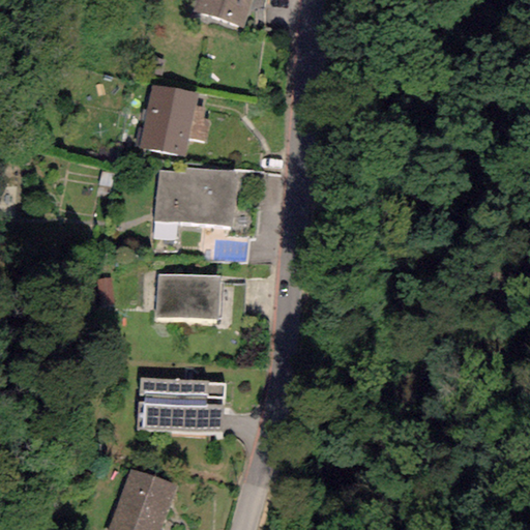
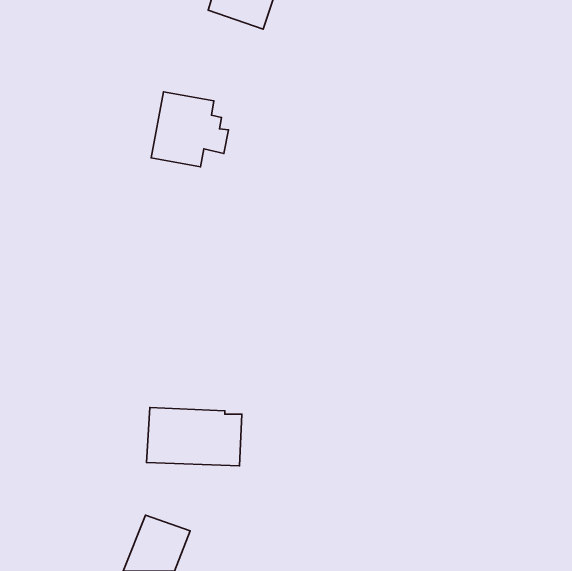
building: [153,167,239,229] -> none
building: [156,273,220,318] -> none

